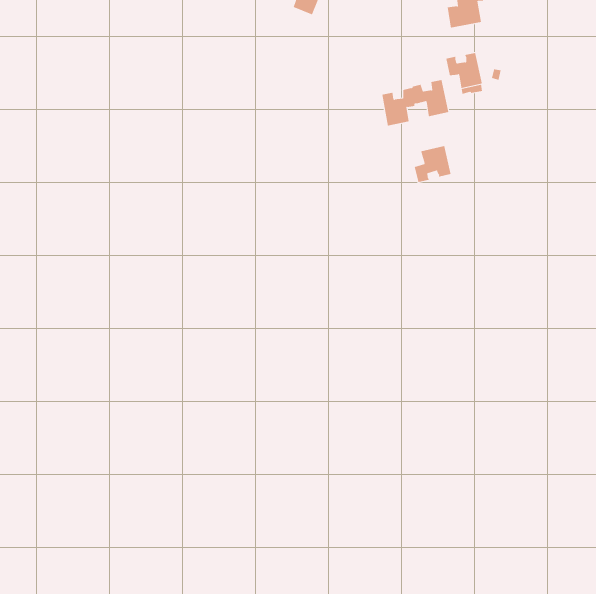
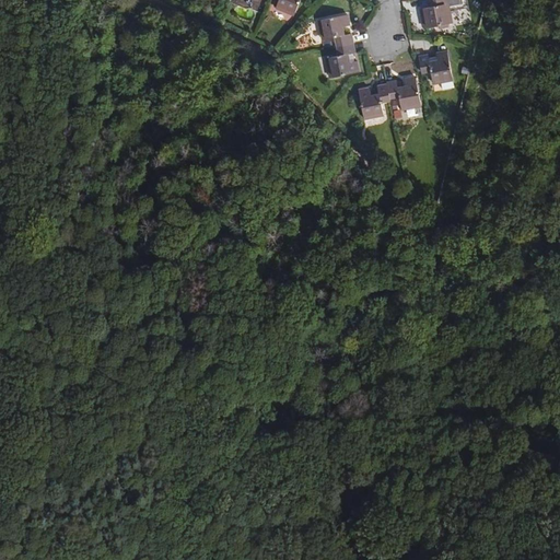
building: none -> [317,13,359,75]
building: [414,145,451,183] -> none

